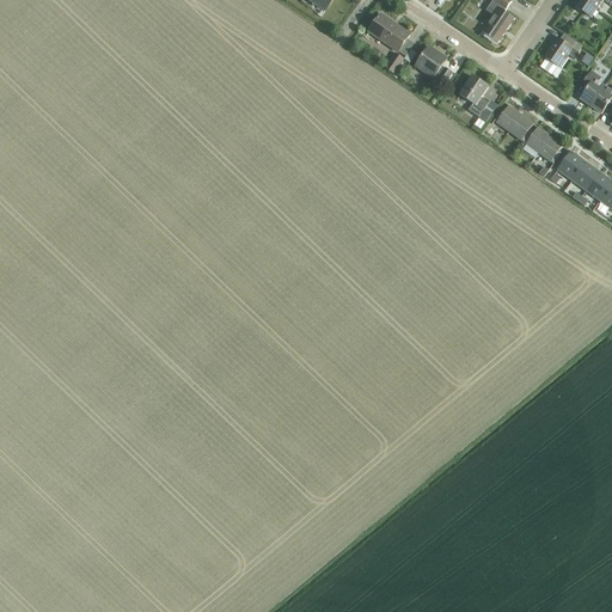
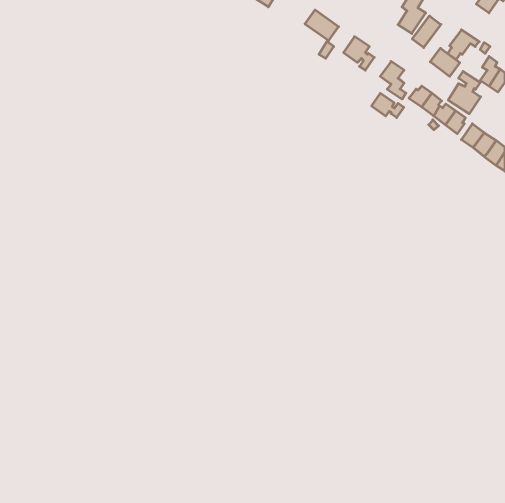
building: none -> [412,16,441,48]
building: none -> [430,48,460,76]
building: none -> [448,71,481,114]
building: none -> [372,93,404,118]

